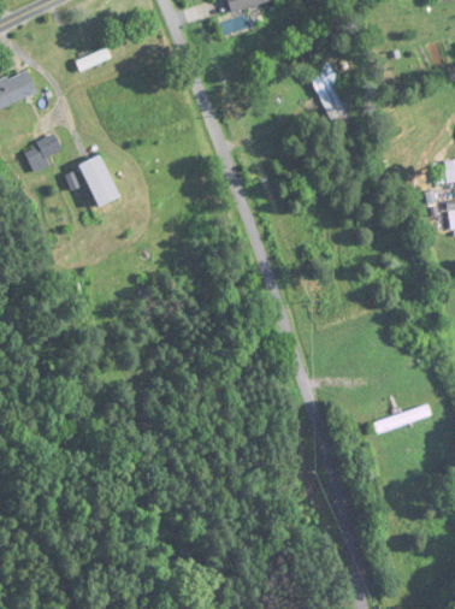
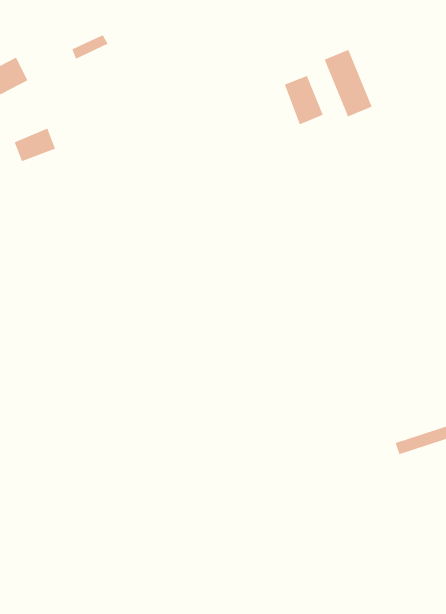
building: none -> [284,75,324,125]
building: [77,154,119,207] -> none

